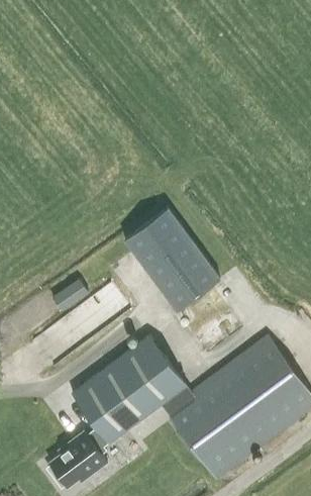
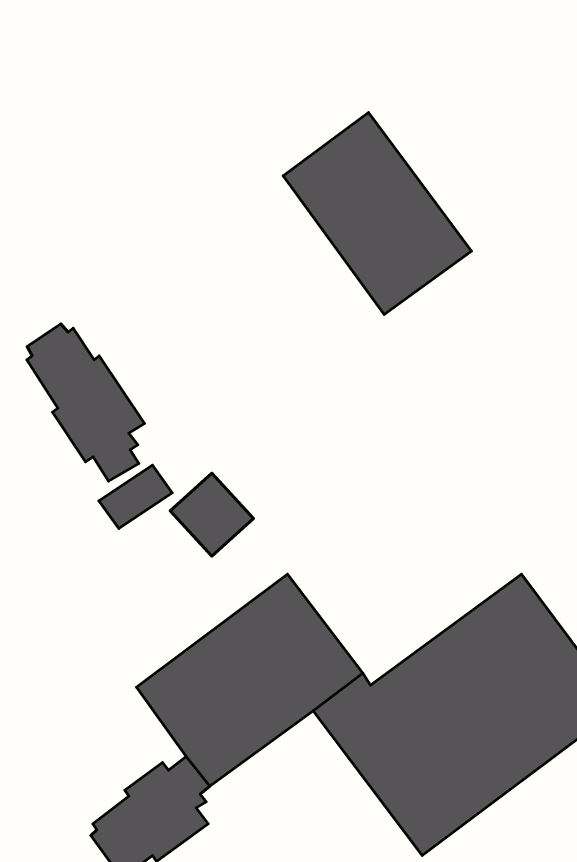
building: none -> [27,324,144,481]
building: [124,209,220,312] -> [283,113,472,315]

